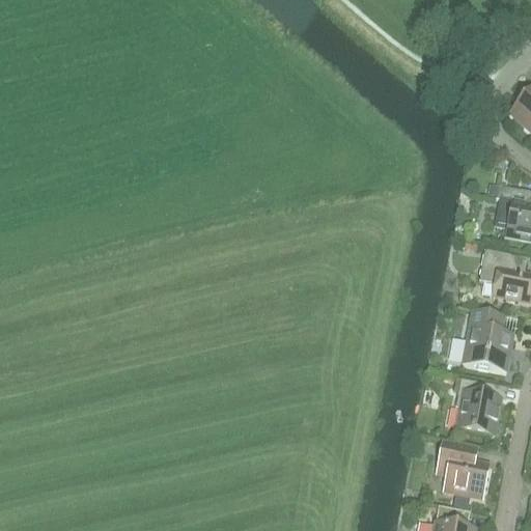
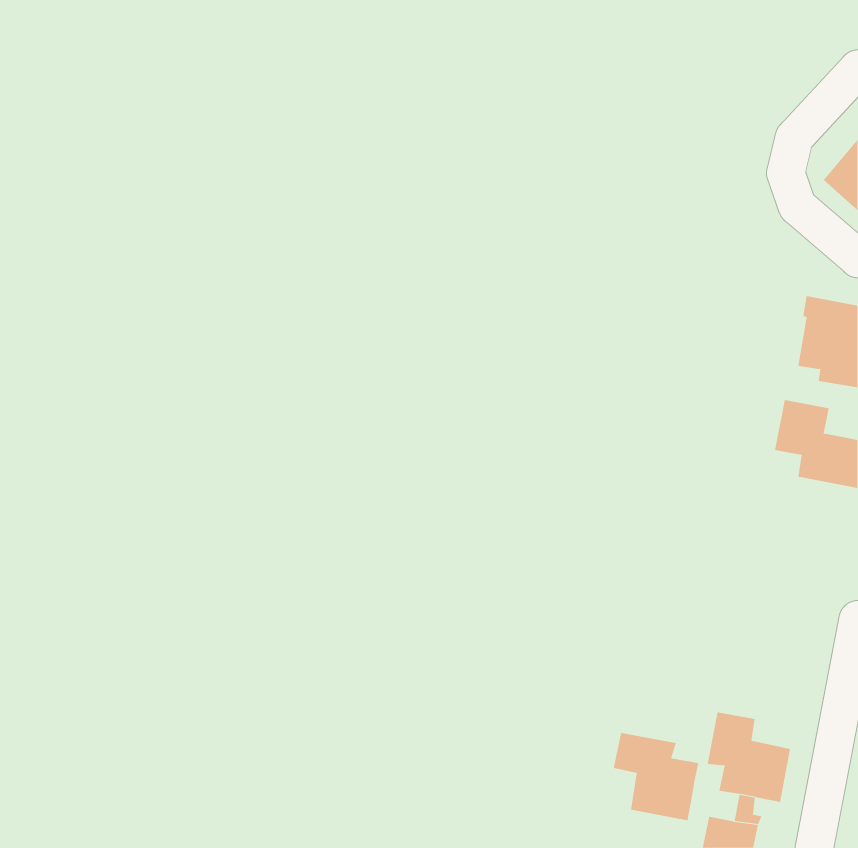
building: [463,309,513,370] -> none
building: [455,376,501,435] -> none
building: none -> [613,732,699,821]

